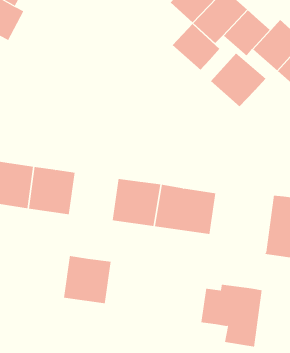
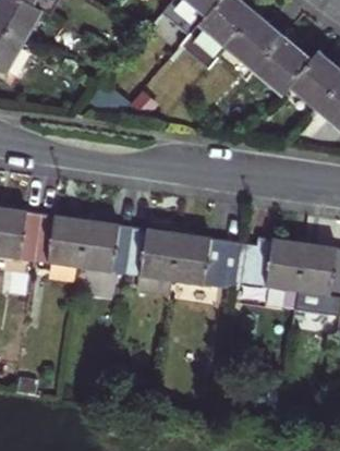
building: [172,23,220,71] -> none
building: [210,52,266,107] -> none
building: [63,256,111,304] -> [85,221,138,275]
building: [201,284,263,347] -> [242,240,311,309]

